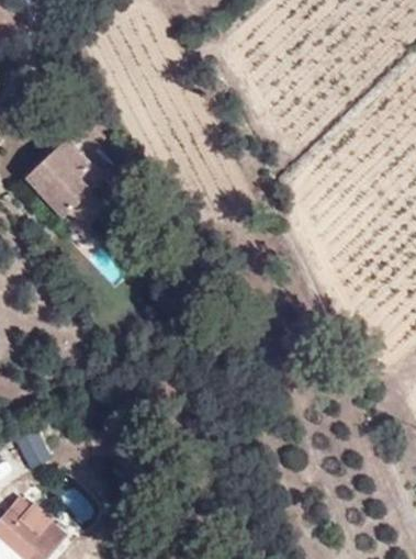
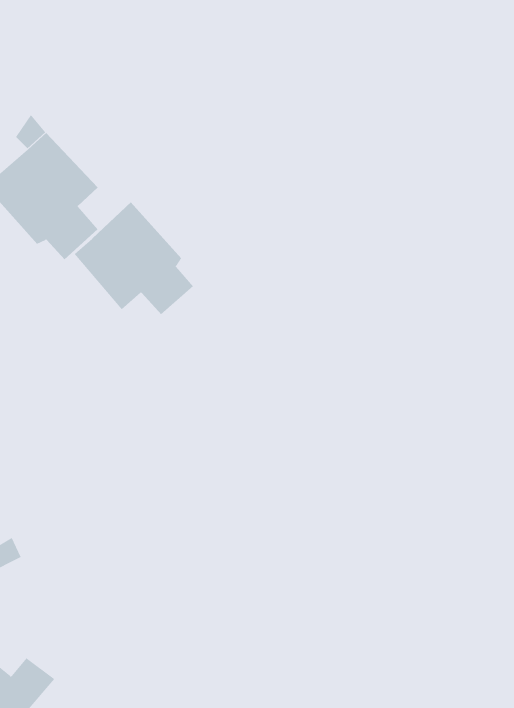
building: none -> [74,201,194,315]

